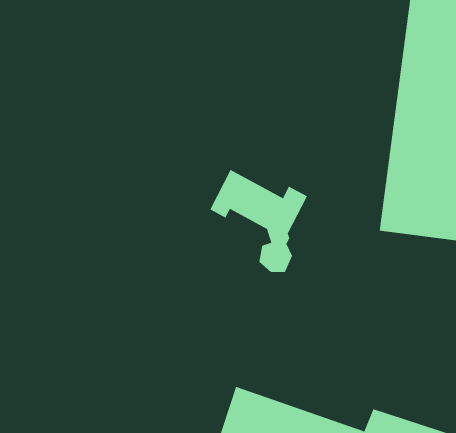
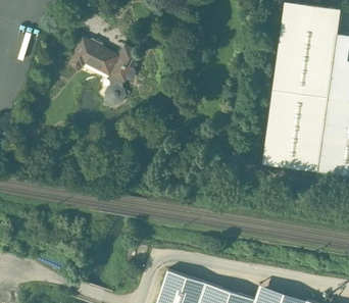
building: [209,169,308,272] -> [70,36,138,106]

